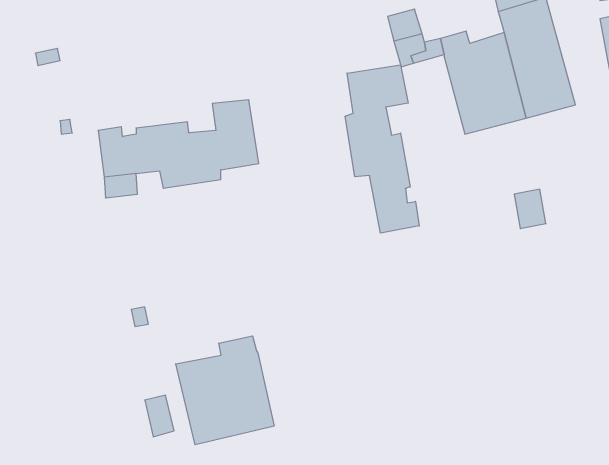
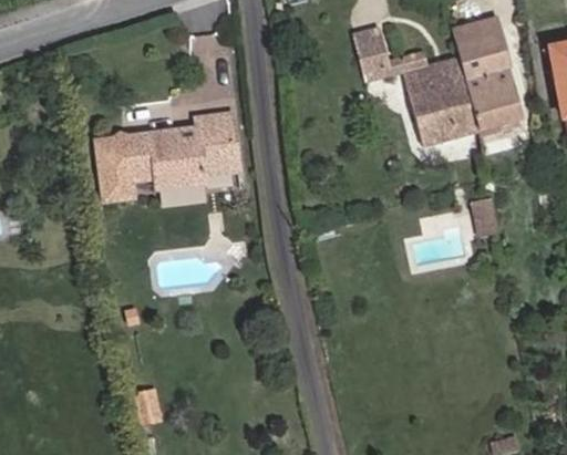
building: [345,65,419,233] -> none
building: [176,336,274,445] -> none

